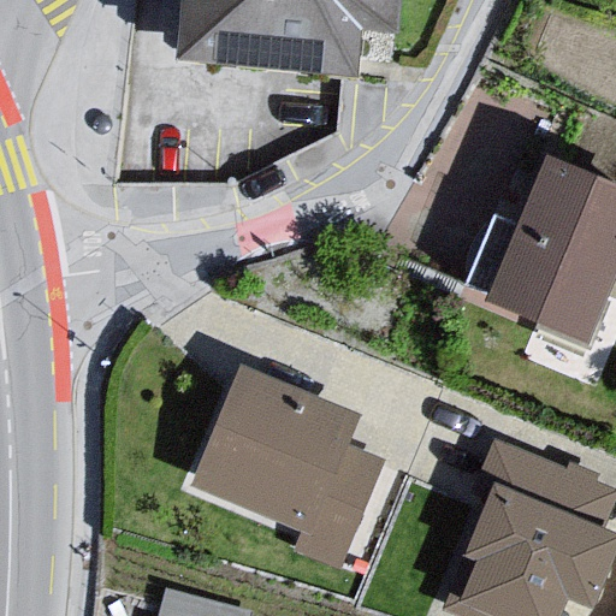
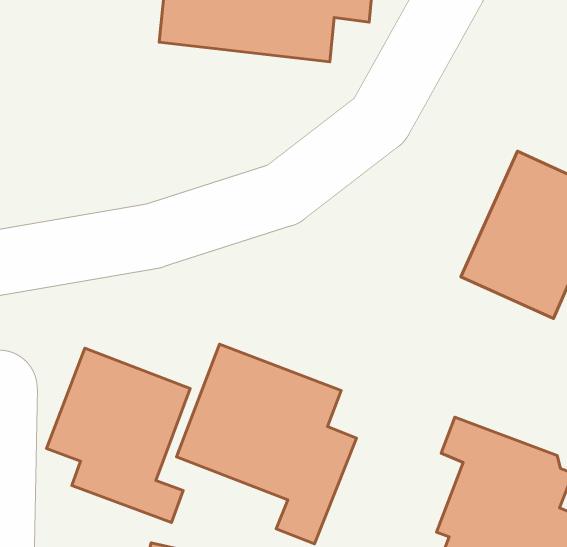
building: none -> [47,348,190,522]

